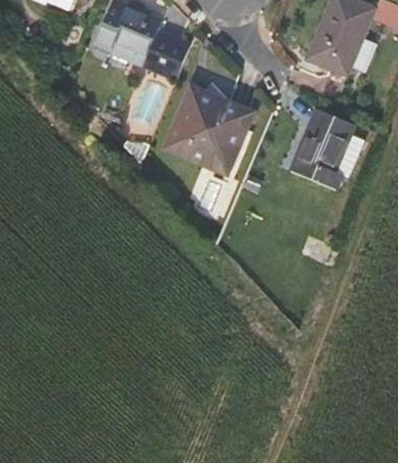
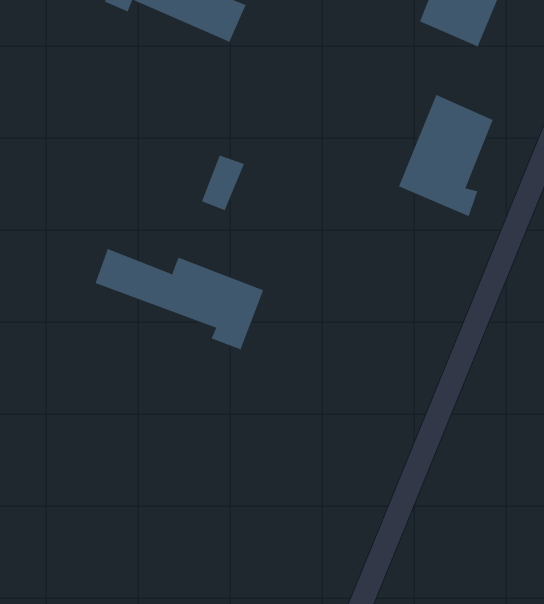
building: [168,87,249,167] -> none
building: none -> [95,248,264,350]

